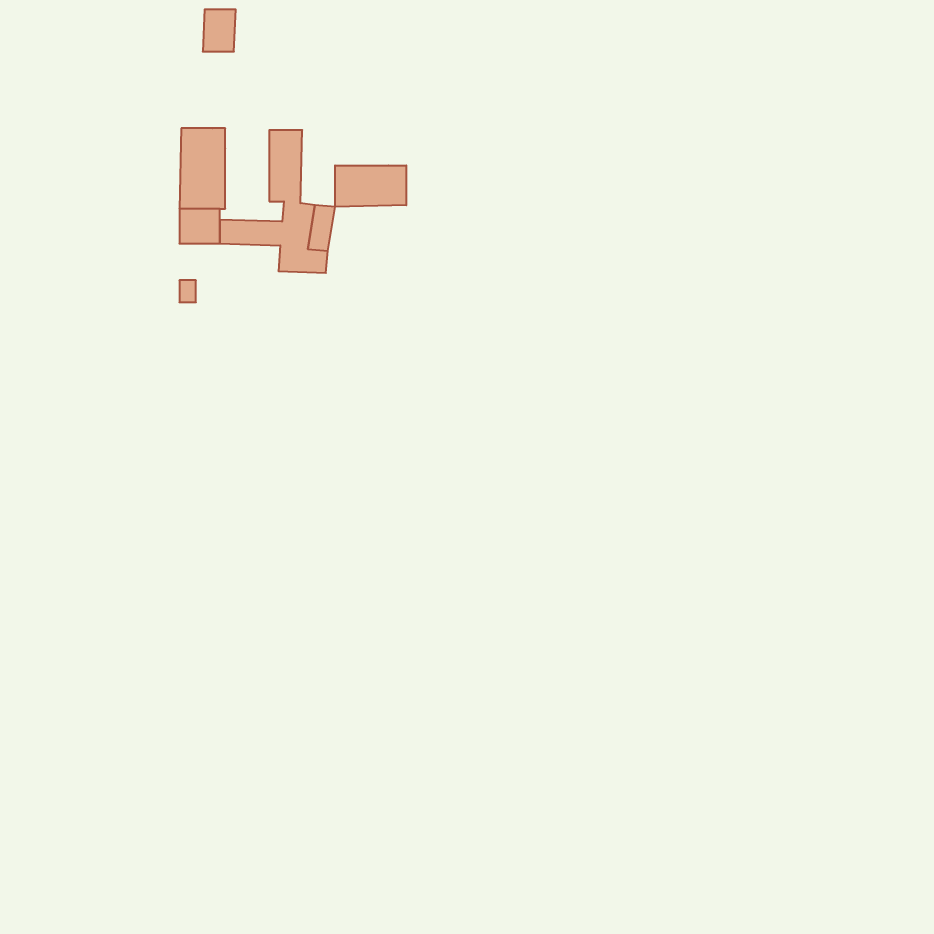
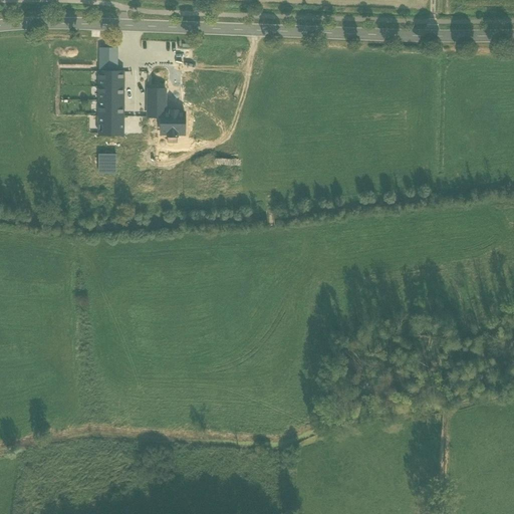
building: [203,9,236,52] -> [100,47,118,70]
building: [335,165,406,207] -> none

